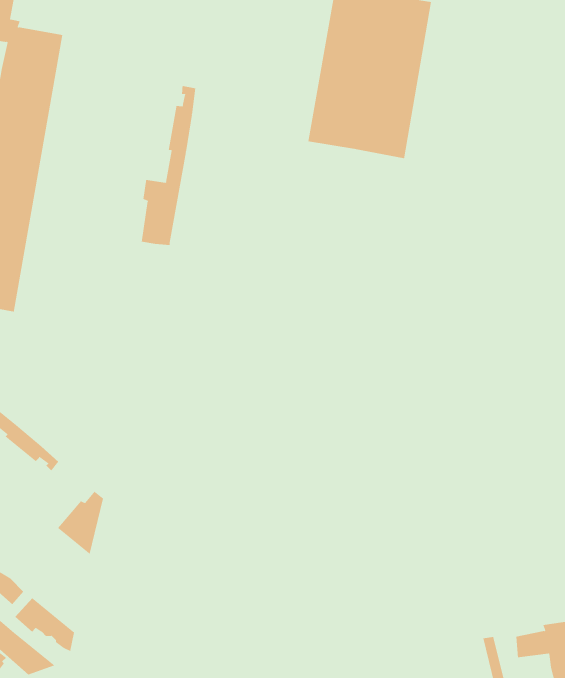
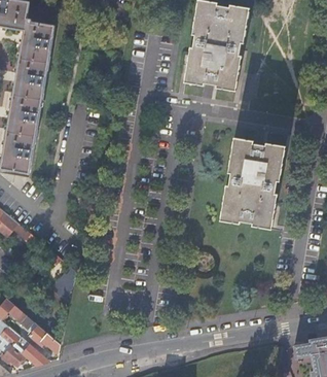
building: [141,85,196,246] -> none
building: none -> [220,139,285,230]

